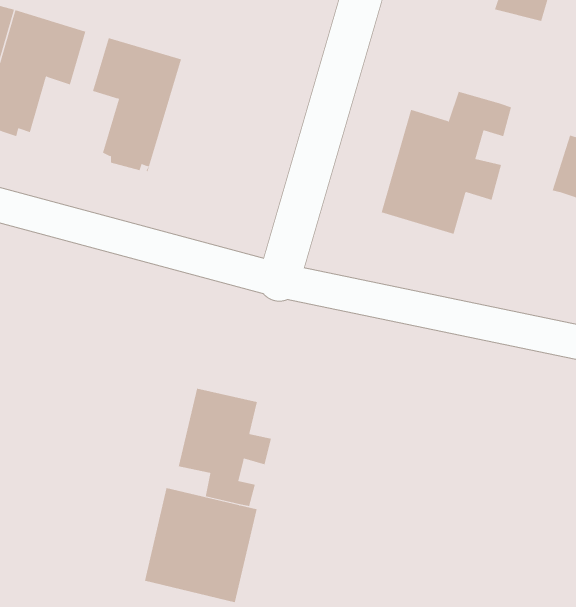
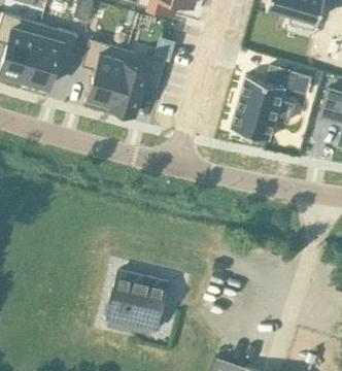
building: none -> [110,49,165,115]
building: [178,388,271,507] -> none

